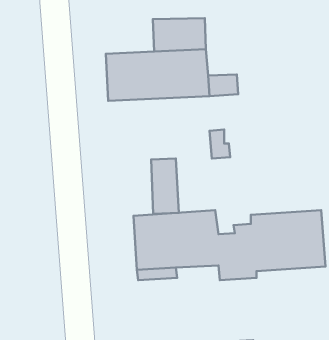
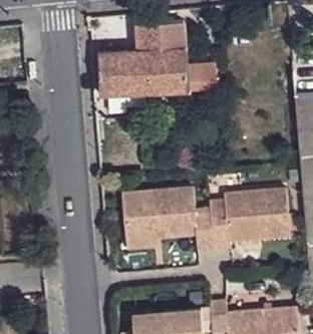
building: [151,159,179,214] -> none

